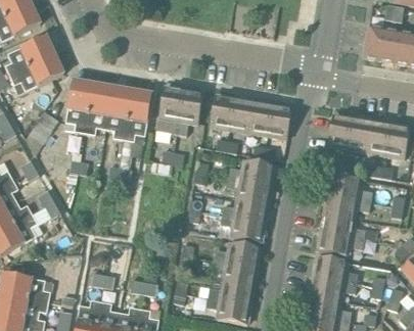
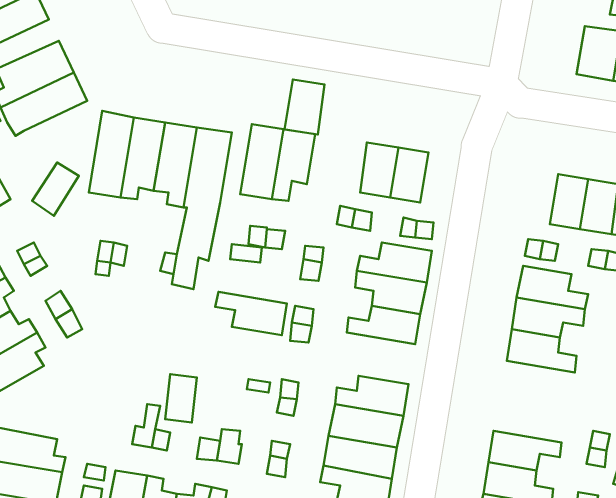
building: [211,95,235,129] -> [285,79,325,134]
building: [268,104,292,138] -> none
building: [327,114,353,148] -> none
building: [221,215,265,241] -> [215,292,287,335]
building: [318,232,363,256] -> none
building: [313,255,358,282] -> none

